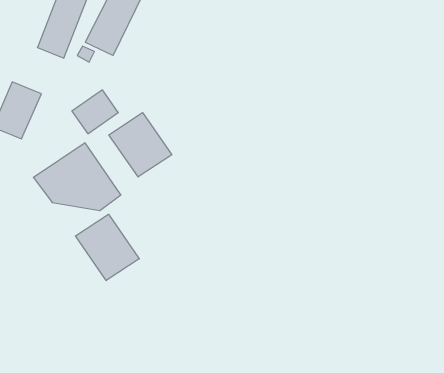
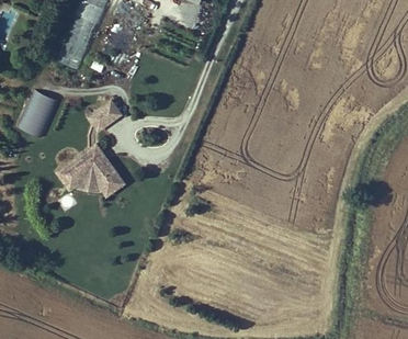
building: [109,113,172,177] -> none
building: [75,214,139,281] -> none

